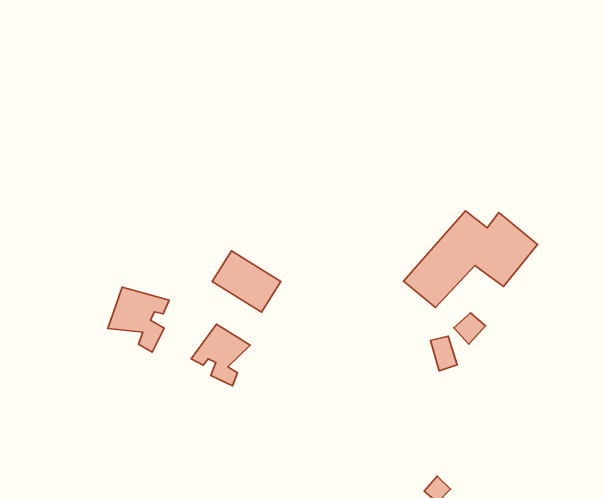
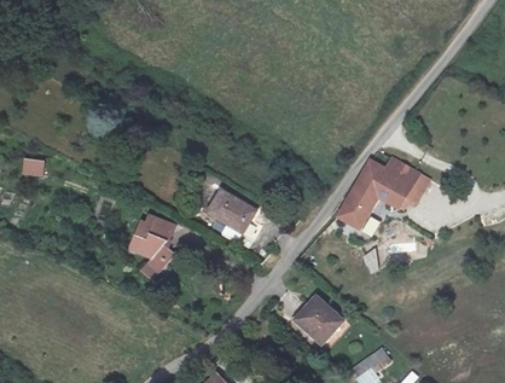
building: [191,324,250,386] -> none
building: none -> [301,296,347,346]

